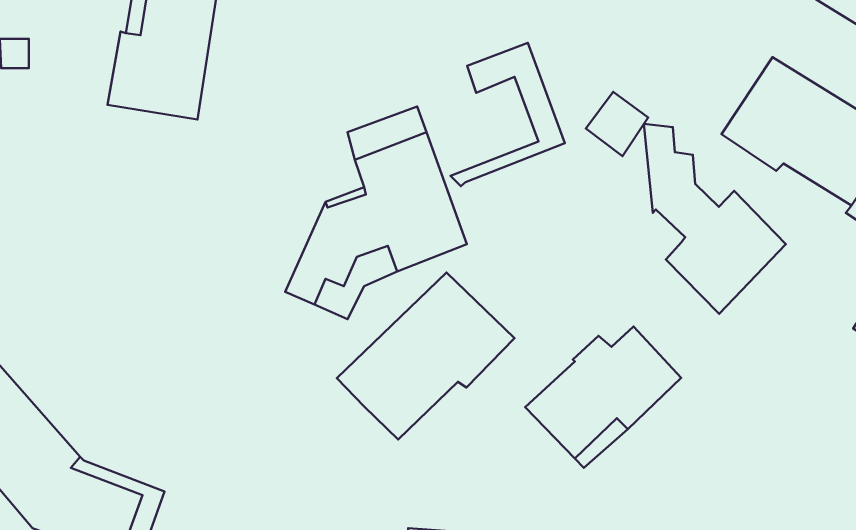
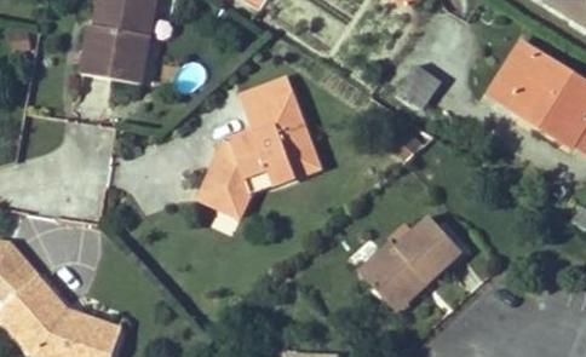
building: [451,43,565,186] -> none
building: [644,124,786,314] -> none
building: [337,272,514,439] -> none

